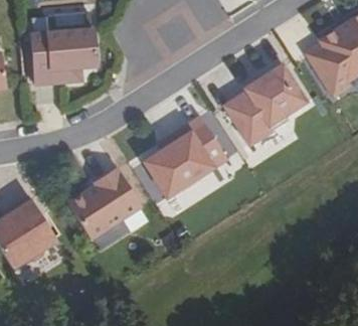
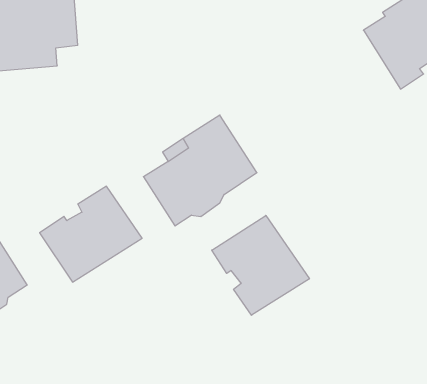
building: [223,62,306,146] -> none
building: none -> [212,215,309,315]

